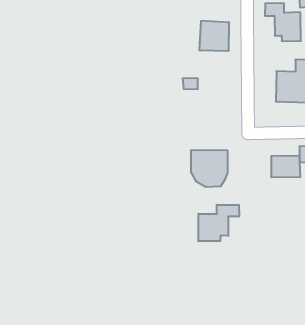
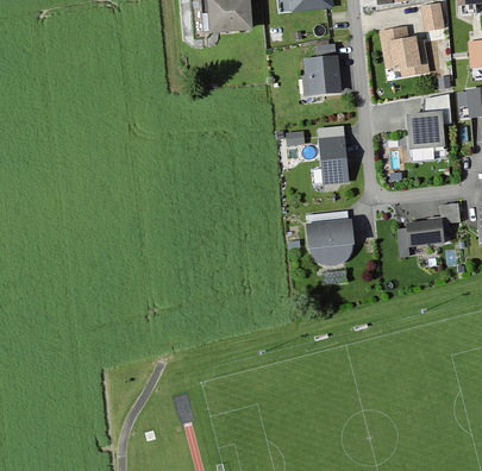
building: none -> [318,136,348,183]
building: [198,205,239,241] -> none

